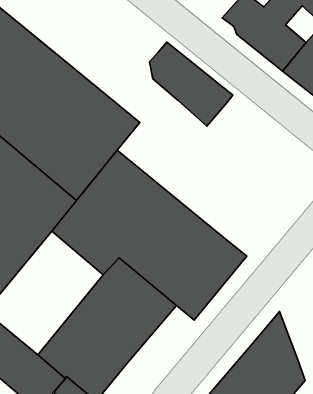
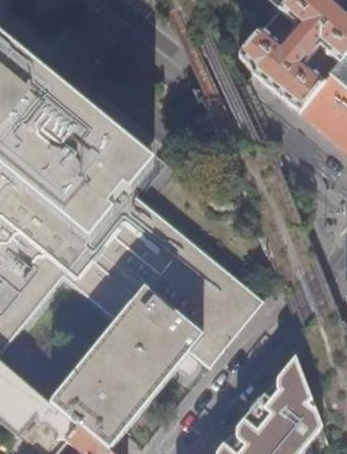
building: [150,42,233,126] -> none

